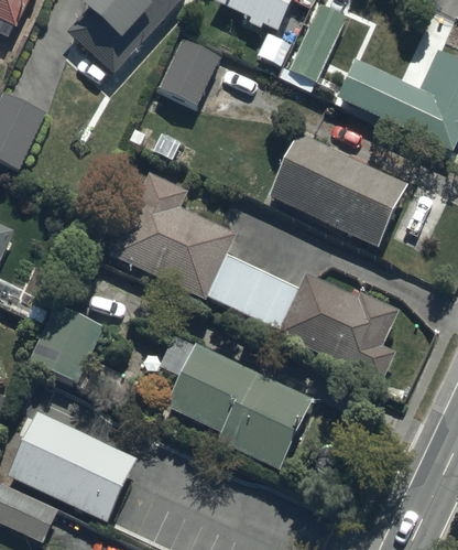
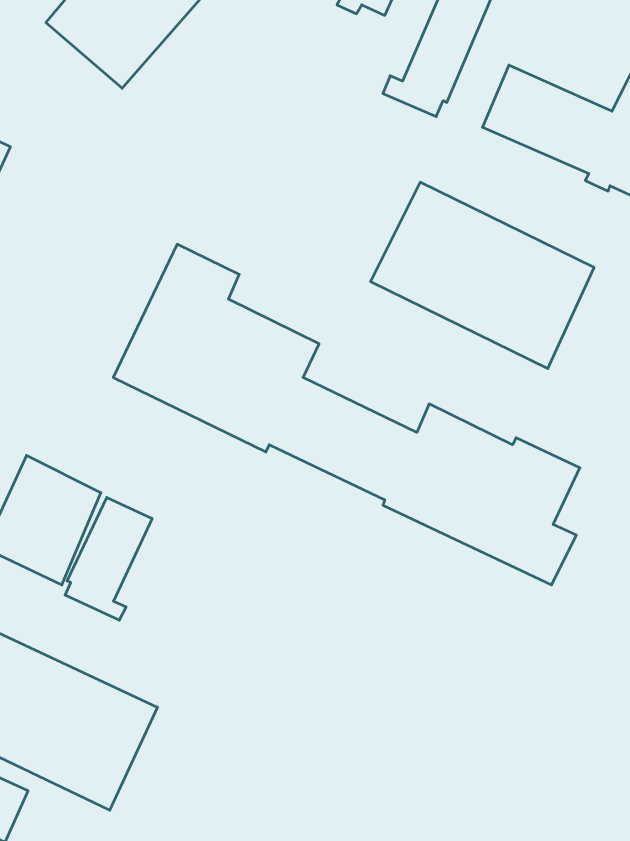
building: [156,35,219,105] -> none
building: none -> [65,497,152,620]
building: [165,342,313,468] -> none

